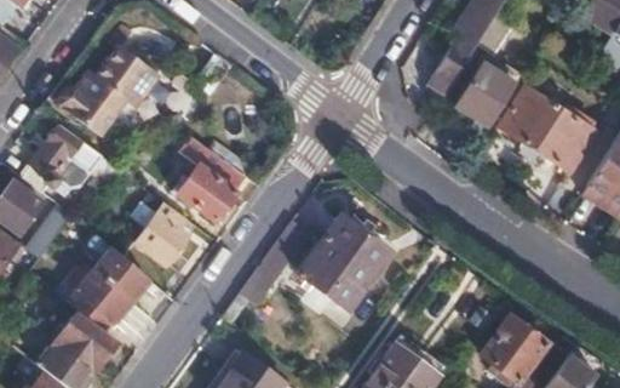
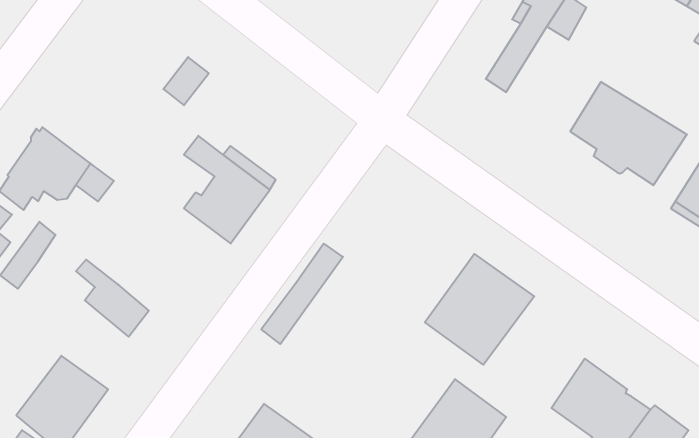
building: [62,47,153,142] -> none
building: [457,64,516,124] -> none
building: [134,200,188,263] -> none
building: [298,217,389,309] -> [425,254,534,365]
building: [69,268,131,330] -> none

